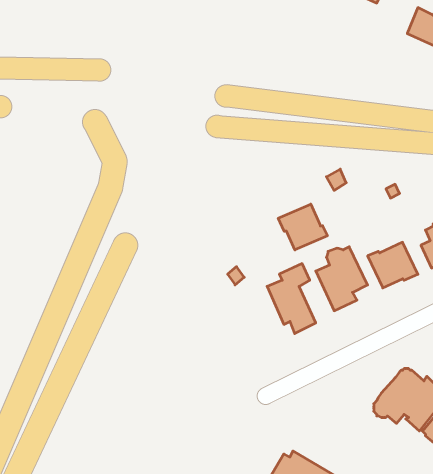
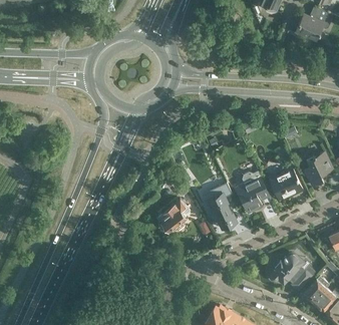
building: [278,204,327,250] -> none
building: none -> [155,199,190,230]

